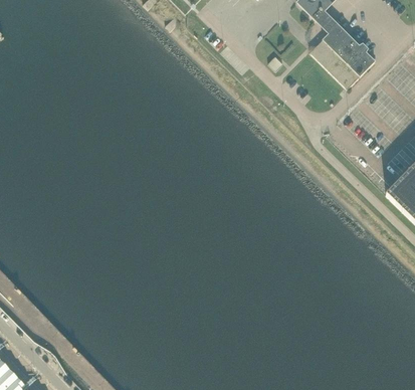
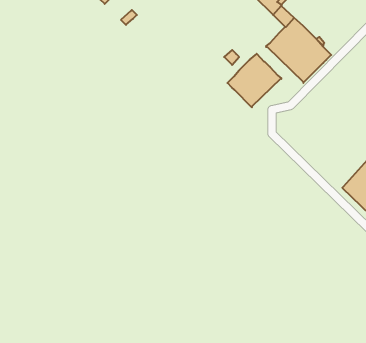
building: none -> [227,54,281,107]

